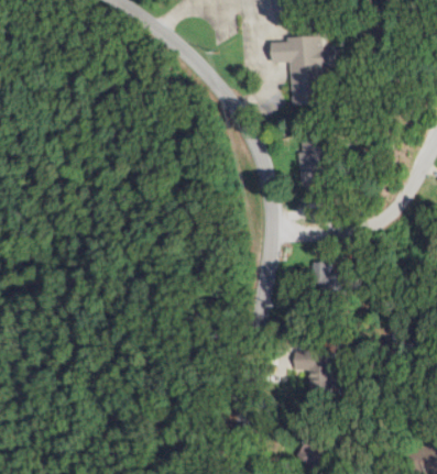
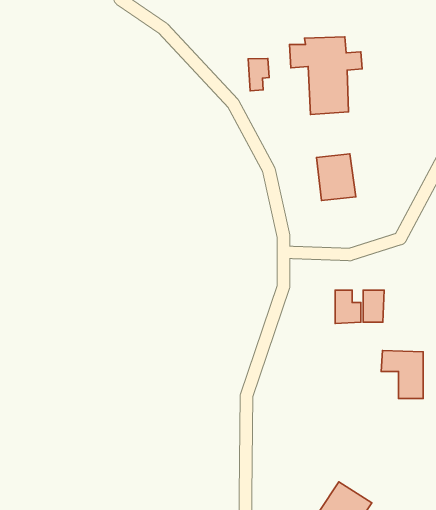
building: none -> [248,59,269,91]
building: [288,350,326,393] -> [381,350,423,398]

